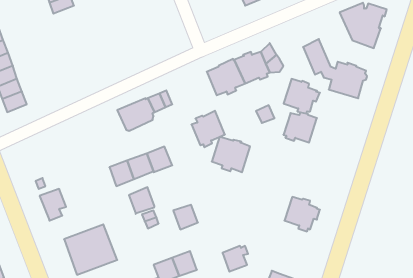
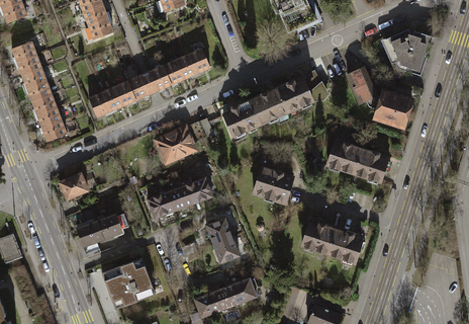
building: none -> [87,48,209,115]
building: [284,79,320,113] -> [354,147,391,182]
building: [191,111,225,147] -> [224,99,259,137]
building: none -> [60,172,88,198]
building: none -> [97,212,128,238]
building: [129,187,154,214] -> [206,216,232,243]
building: none -> [302,221,337,252]
building: [222,246,248,272] -> [231,276,258,303]

